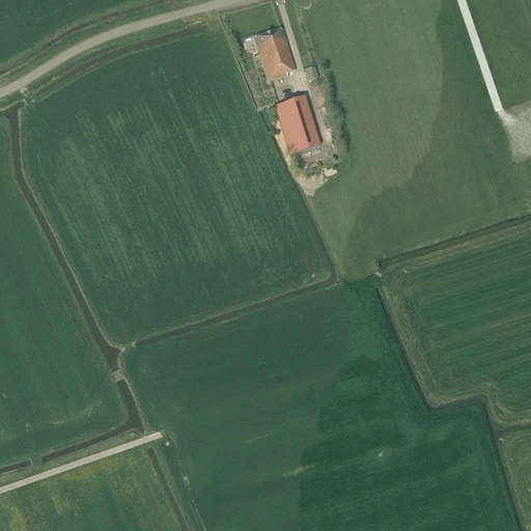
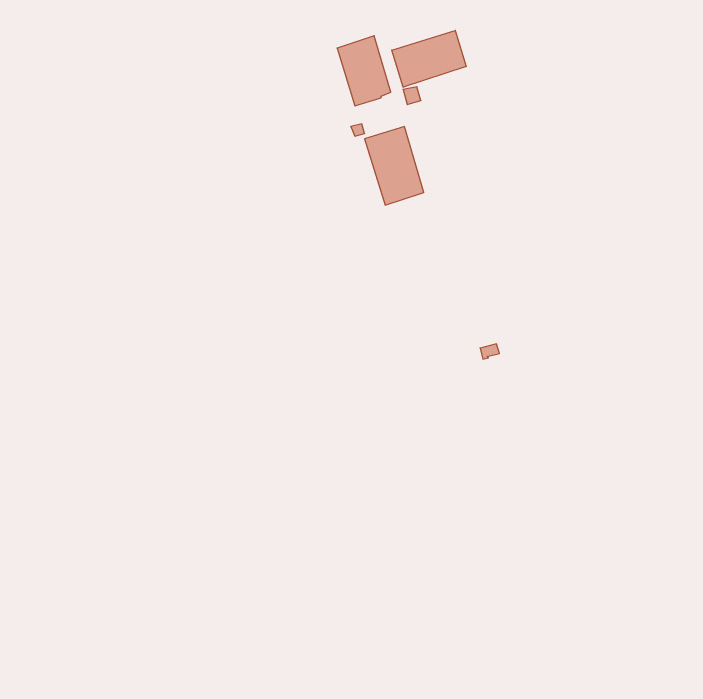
building: none -> [392,30,466,87]

